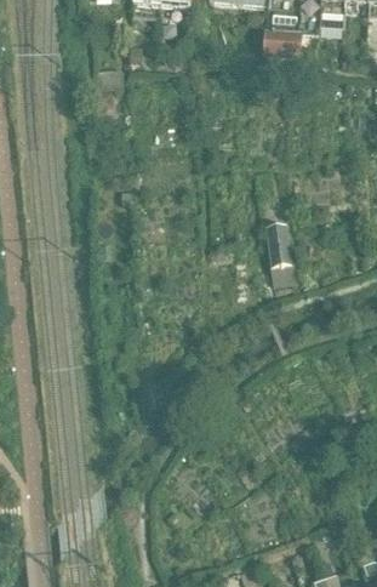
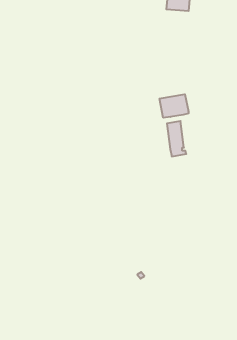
building: none -> [160,94,189,118]

